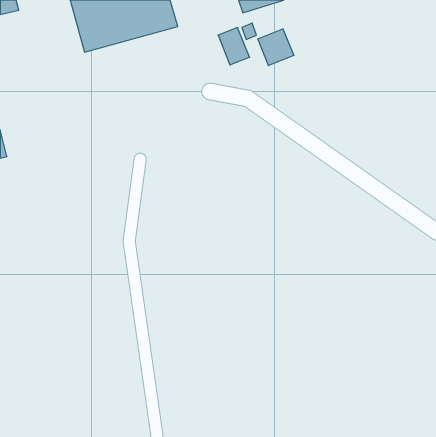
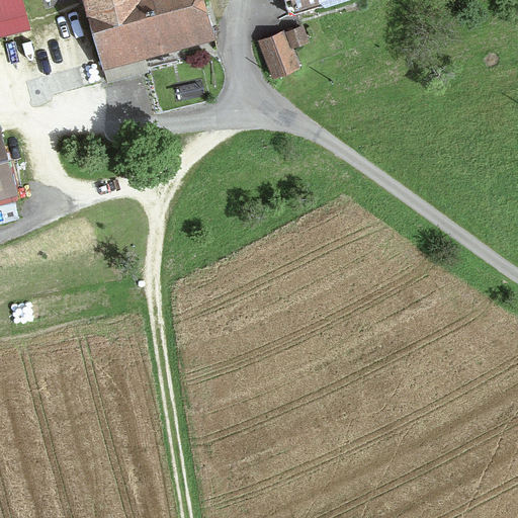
building: [258,29,294,66] -> none

